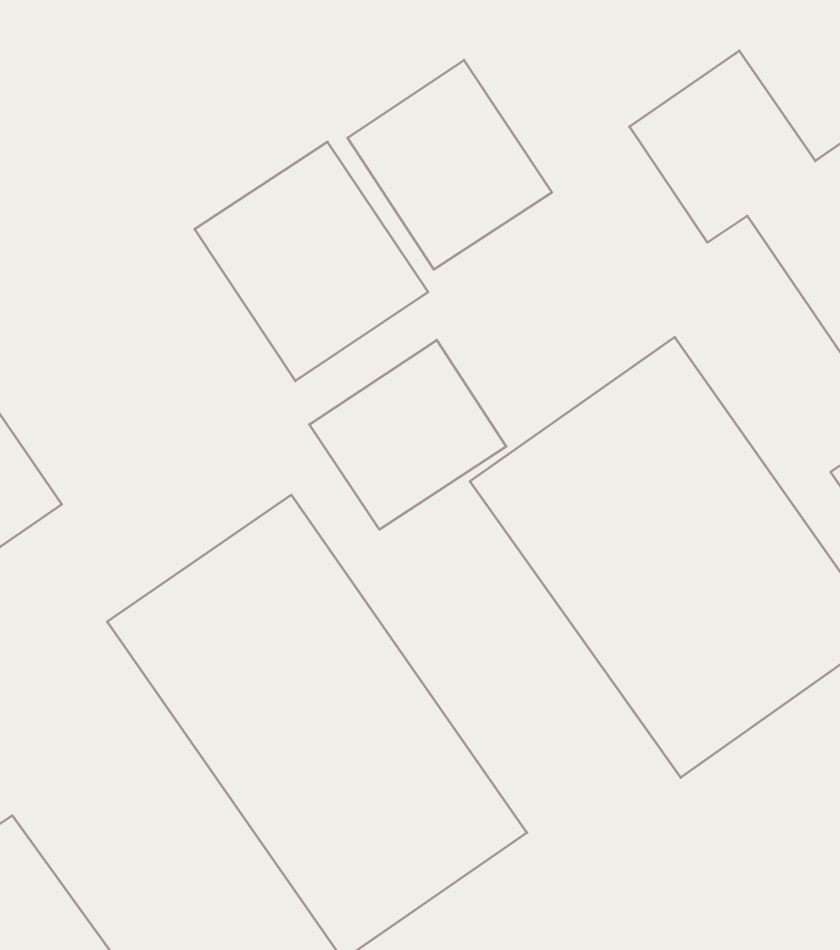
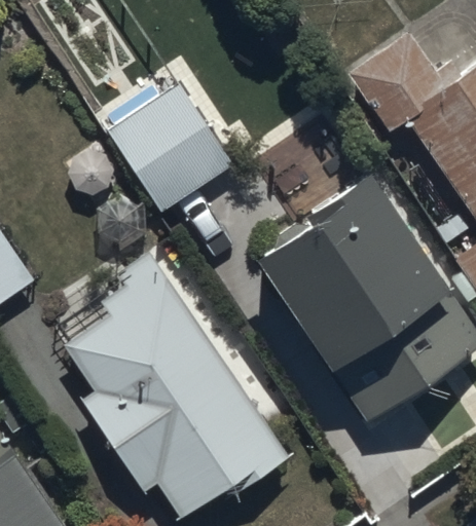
building: [348,60,552,269] -> none
building: [309,340,506,529] -> none

